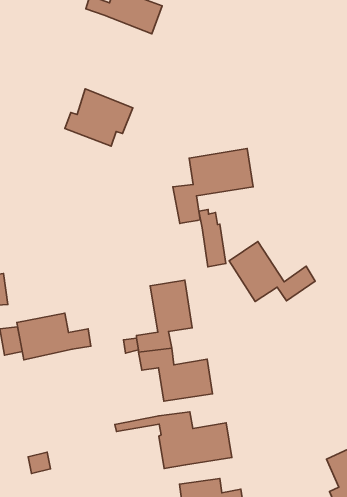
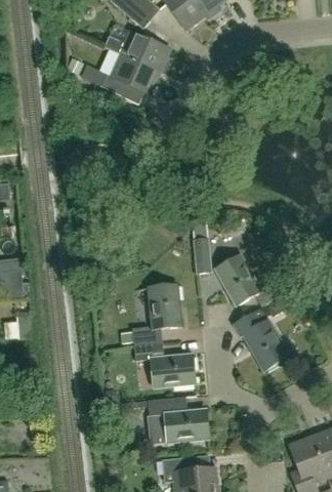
building: [65,89,133,146] -> [100,53,160,104]
building: [173,149,253,224] -> none
building: none -> [232,308,289,370]
building: [17,313,91,360] -> none

